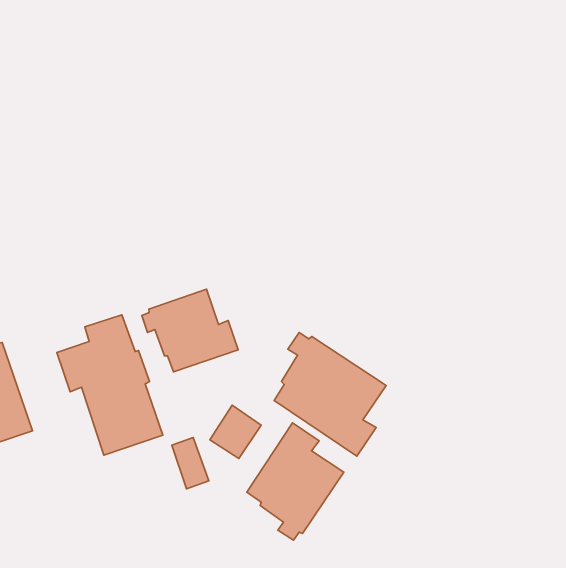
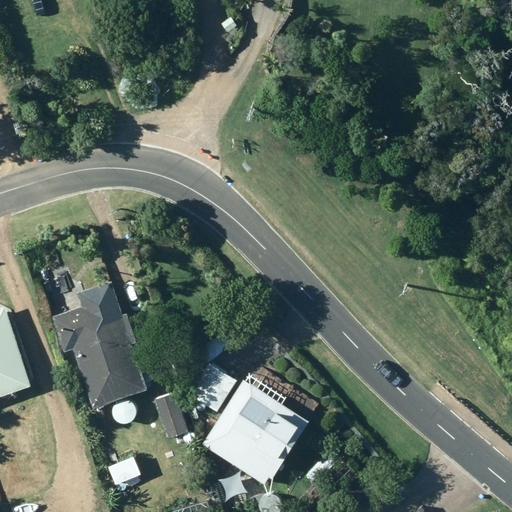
building: [142,289,238,372] -> none
building: [274,333,386,456] -> none

